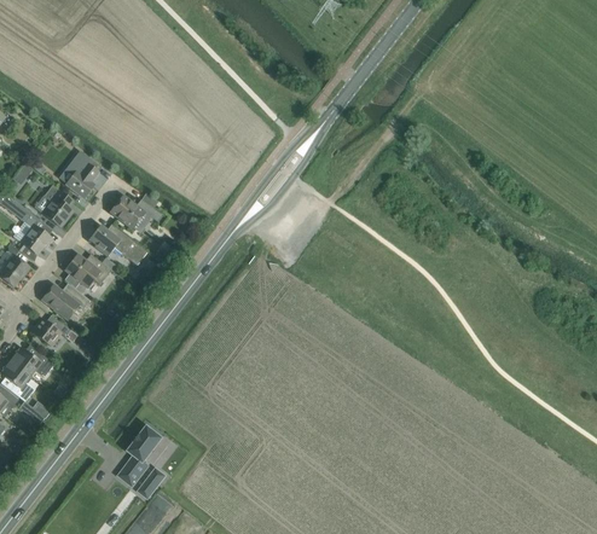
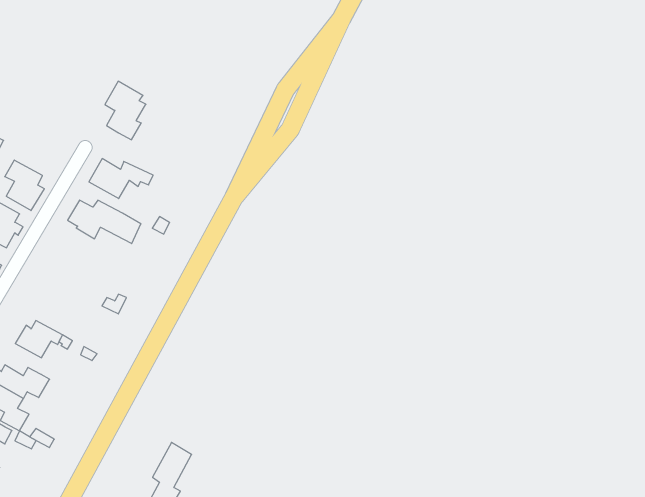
building: [65,150,99,198] -> [105,81,146,140]
building: [64,254,112,288] -> none
building: [42,285,91,319] -> none

